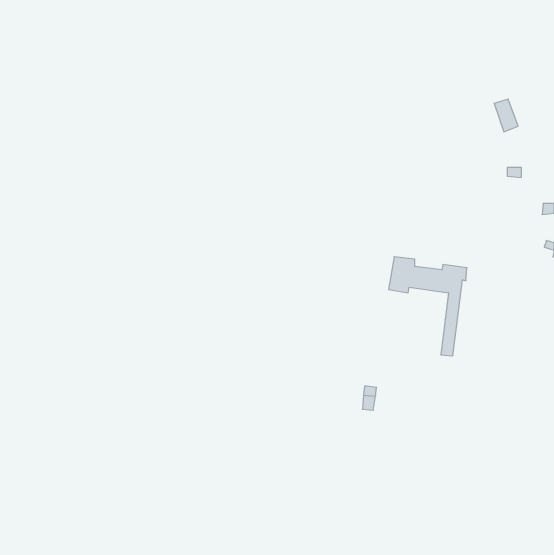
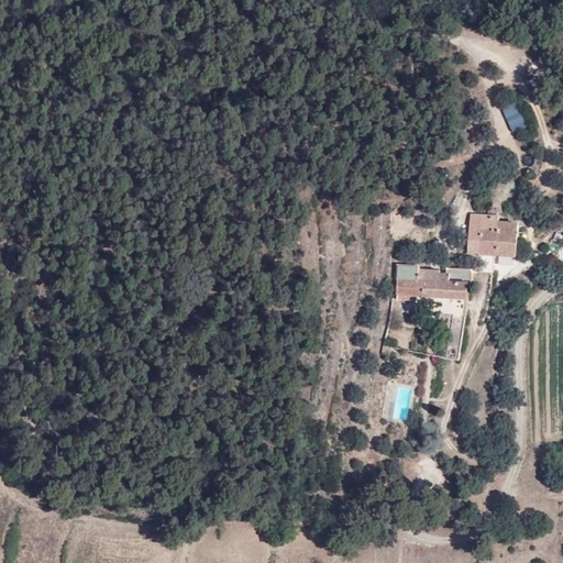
building: none -> [468,210,522,273]

